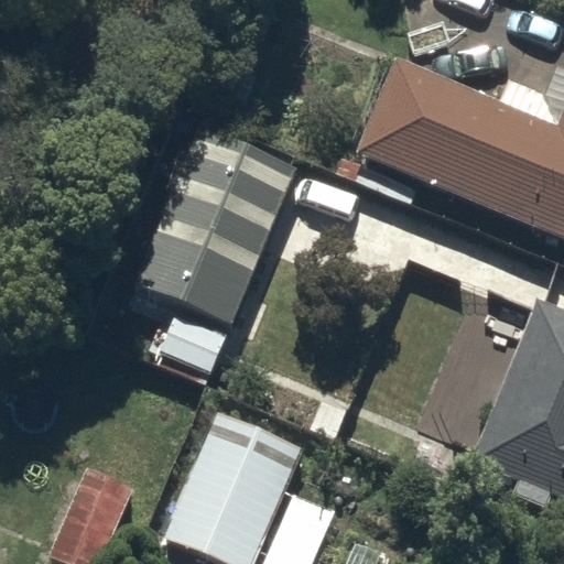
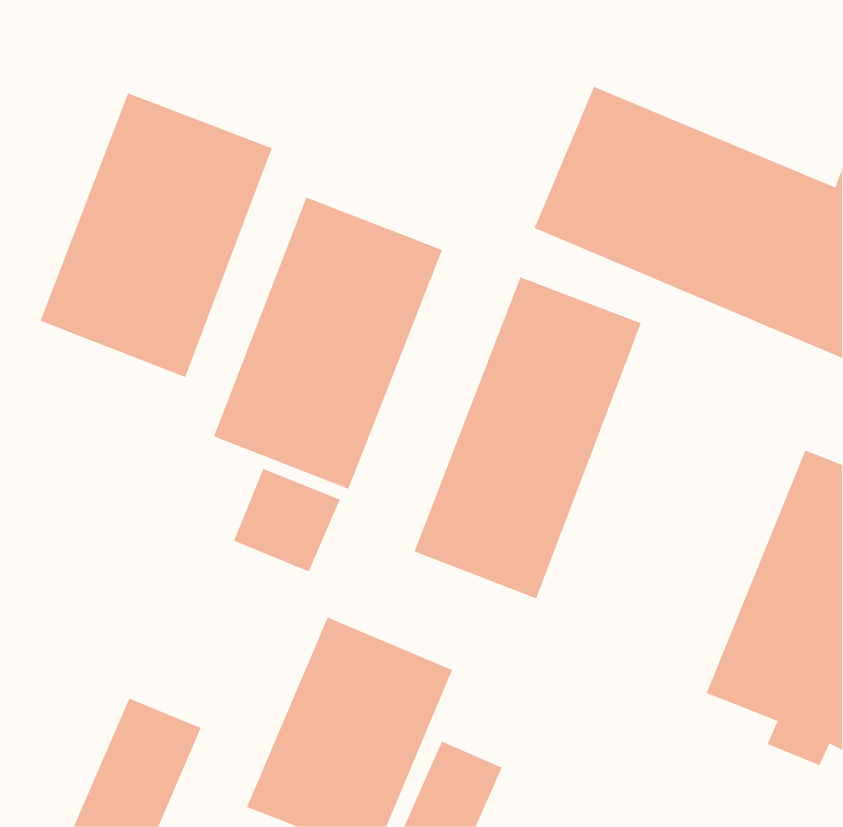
building: none -> [40,92,273,378]
building: none -> [414,277,642,599]

